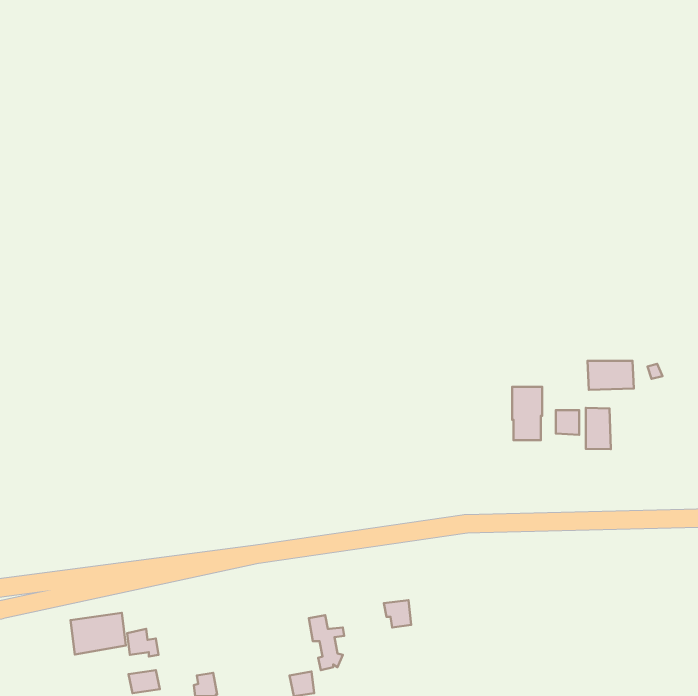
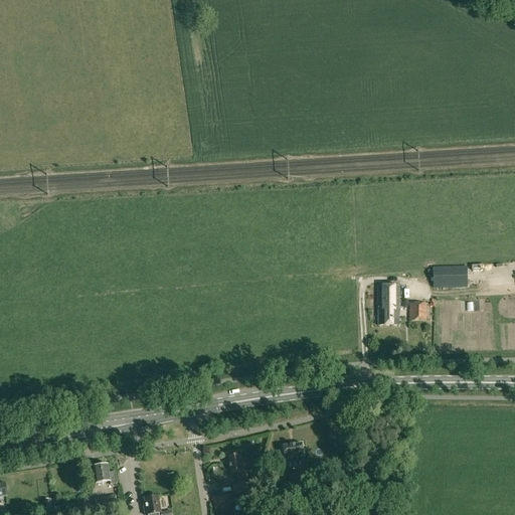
building: [586,408,611,449] -> none
building: [71,613,126,654] -> none

